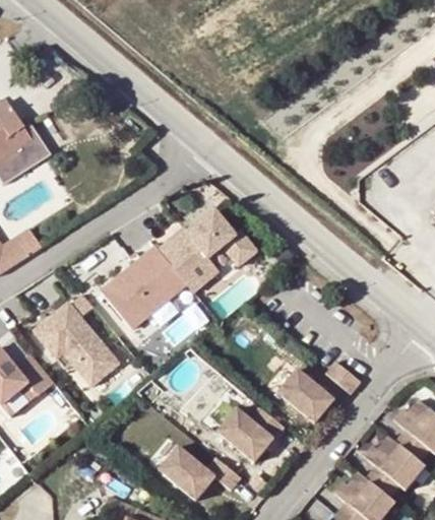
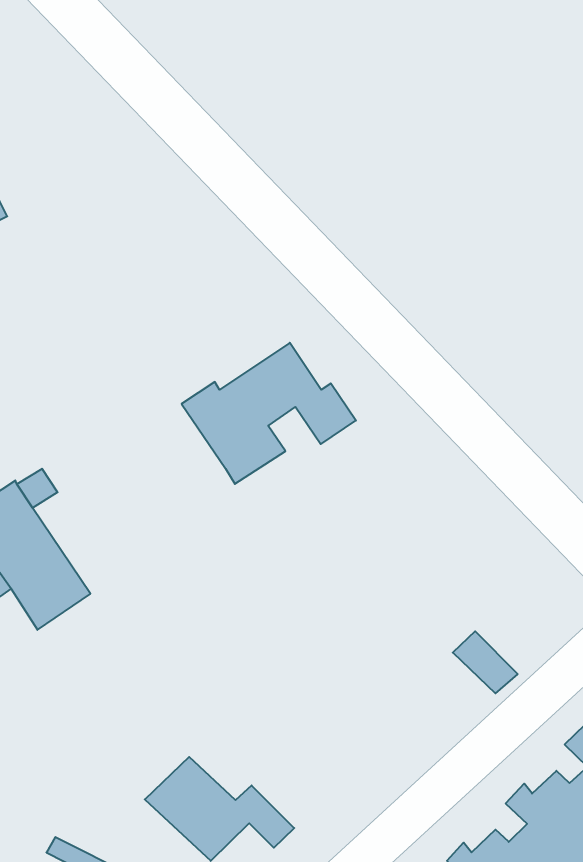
building: [101,247,185,329] -> none
building: [275,371,335,427] -> none
building: [216,408,287,465] -> none

